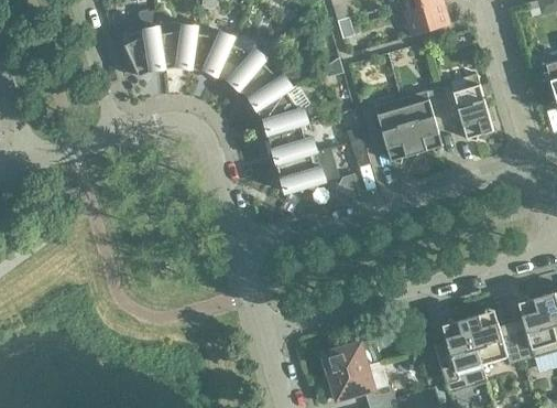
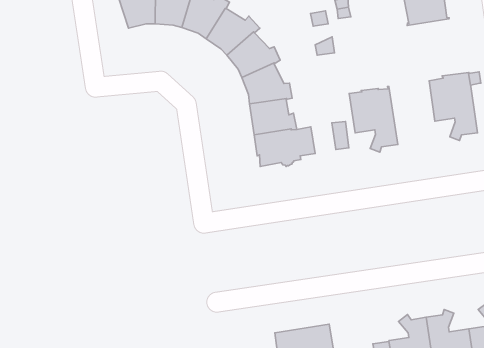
building: [401,87,450,153] -> none

